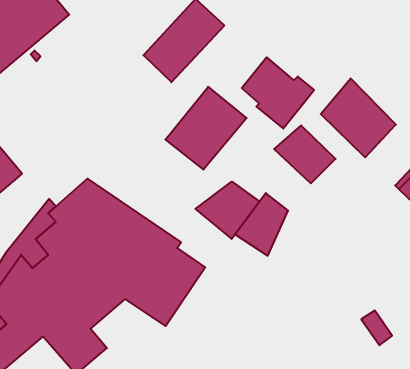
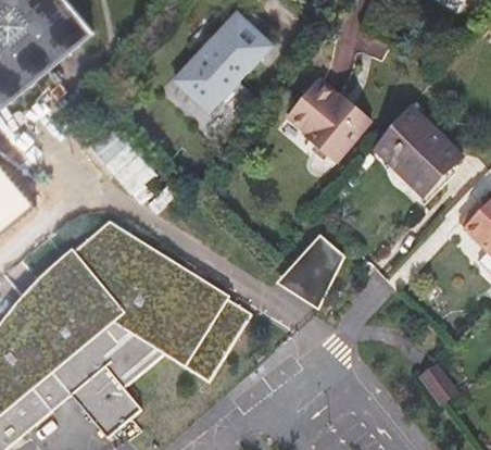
building: [165,87,247,170] -> none
building: [274,125,336,183] -> none
building: [195,182,260,239] -> none

